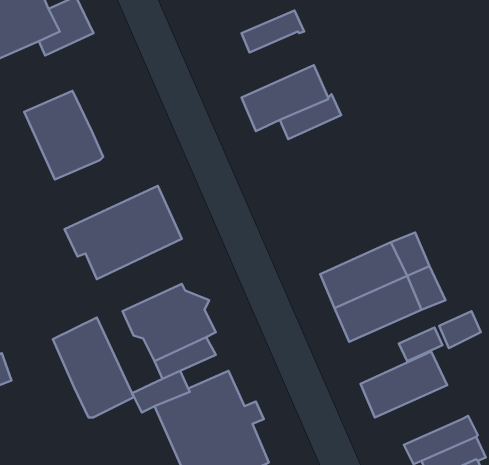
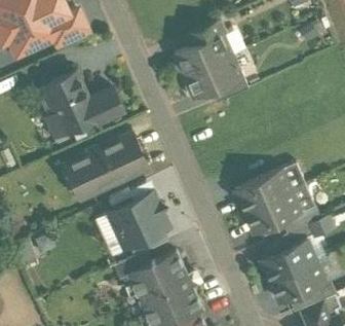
building: none -> [175,33,230,75]
building: none -> [88,85,122,120]
building: [53,318,134,417] -> none
building: none -> [269,259,324,301]

